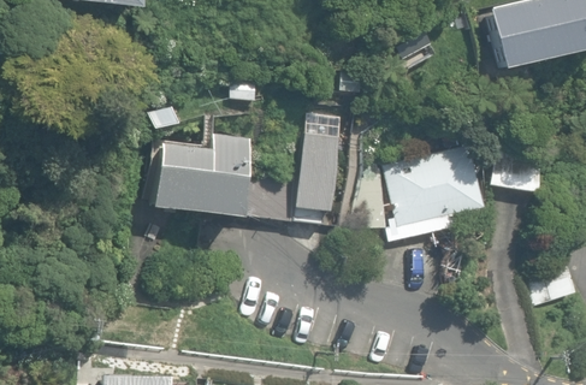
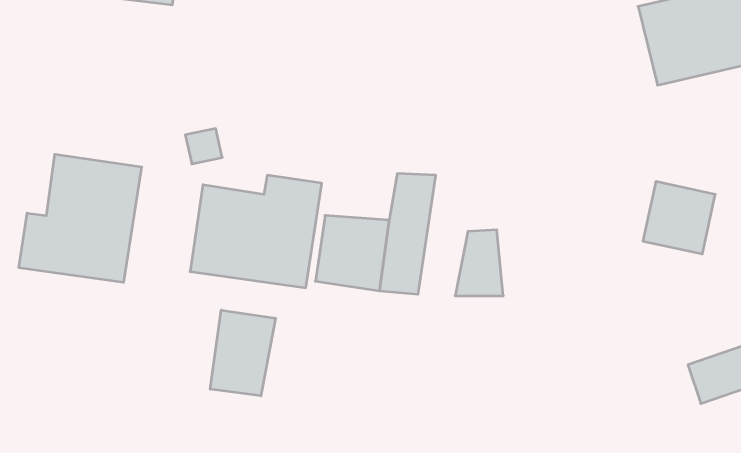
building: none -> [19,154,142,282]
building: [384,143,485,226] -> none
building: none -> [210,310,275,396]

